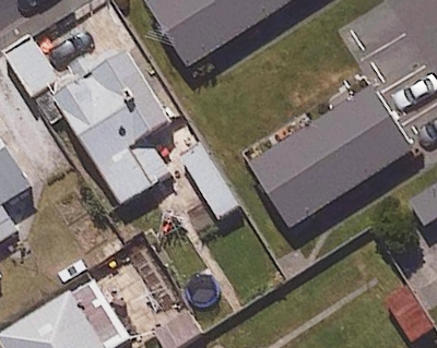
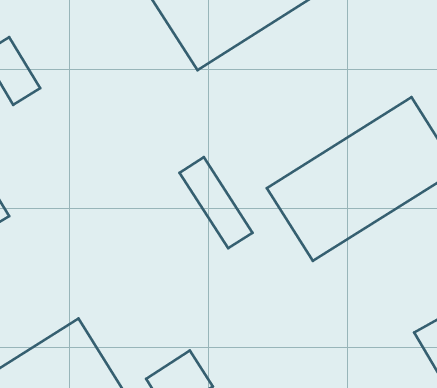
building: [51,51,172,202] -> none

